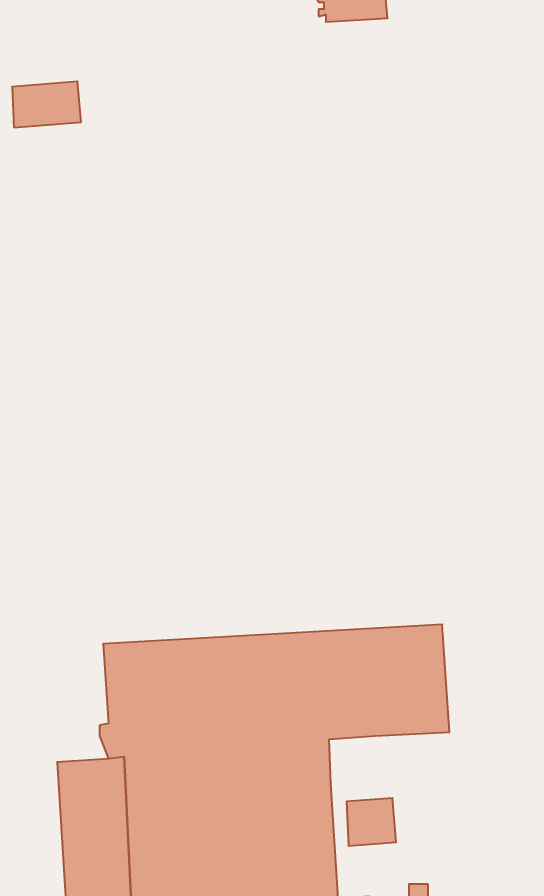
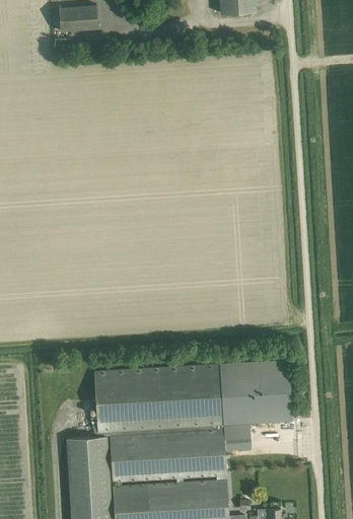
building: [12,81,81,127] -> [59,6,98,32]
building: [347,798,396,846] -> [223,424,252,451]

